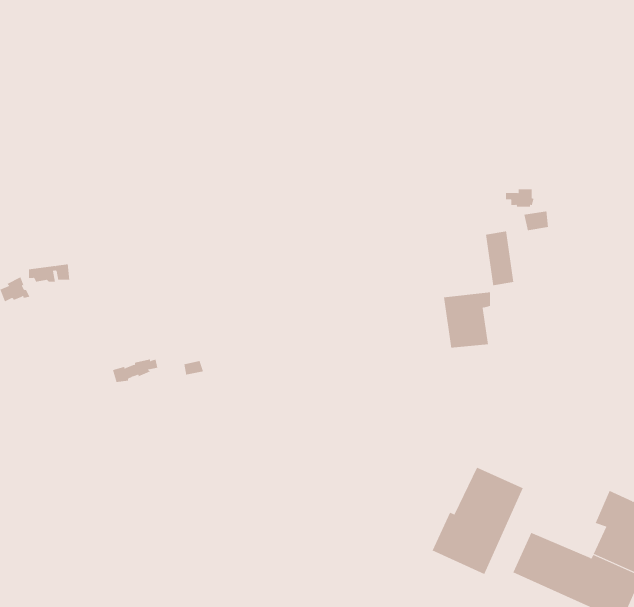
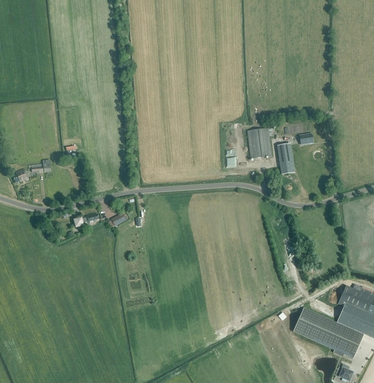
building: [443,292,491,348] -> [247,127,273,158]
building: [432,467,524,575] -> none

